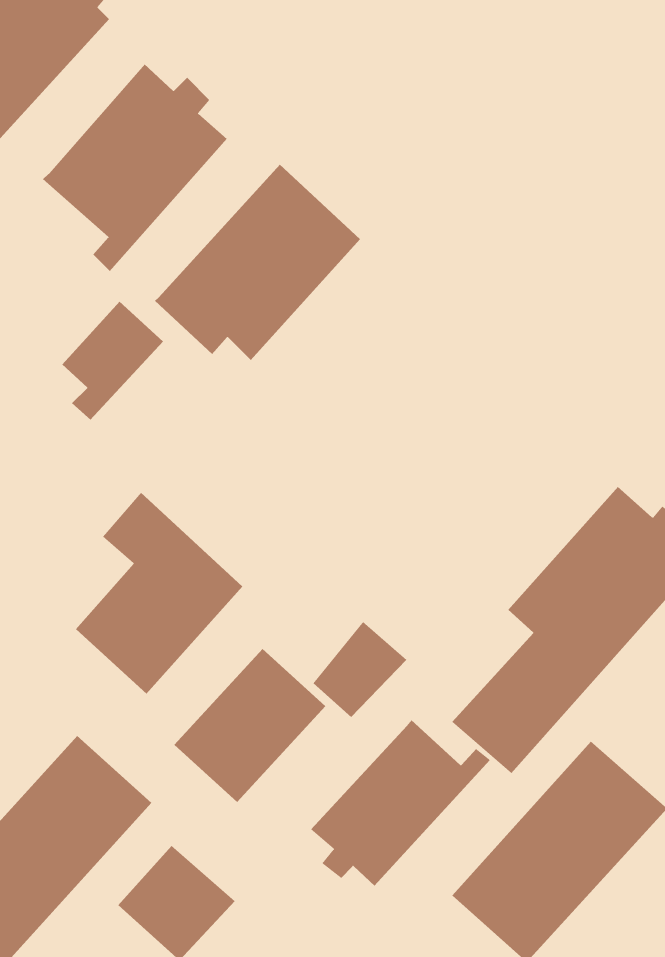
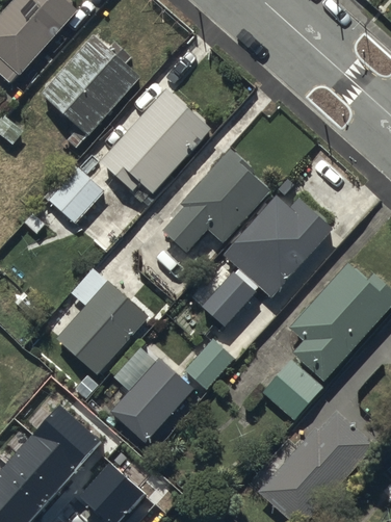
building: none -> [162,149,272,256]
building: none -> [202,198,331,329]
building: [310,719,491,887] -> none

